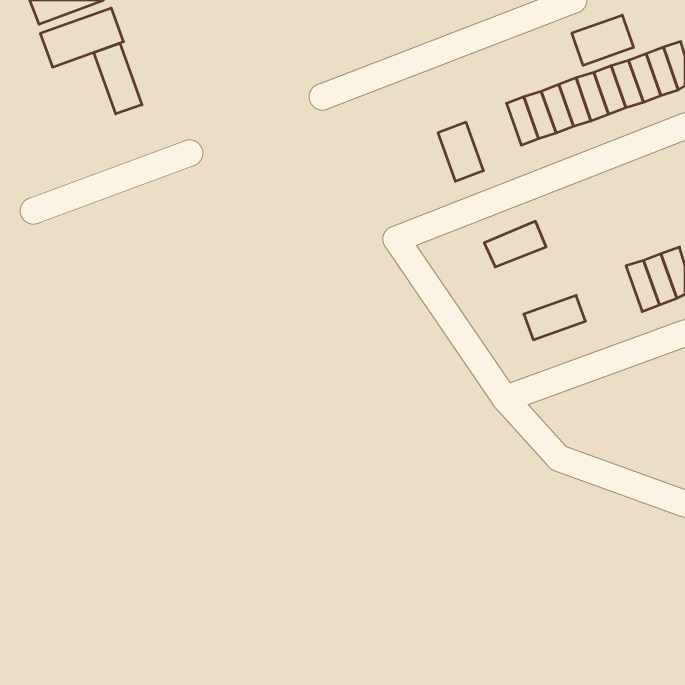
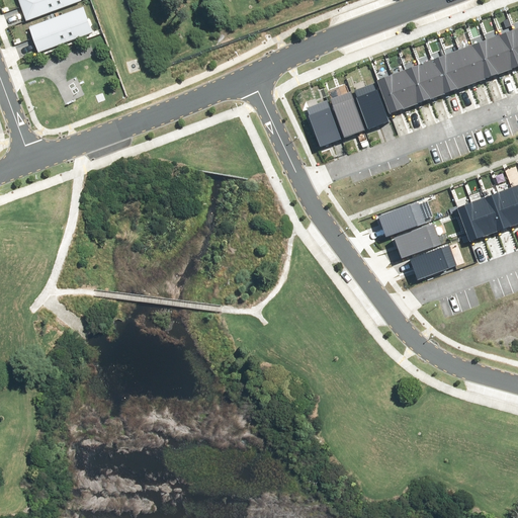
building: [572,15,633,65] -> none
building: [94,43,142,114] -> none
building: none -> [351,85,386,130]
building: none -> [309,101,343,146]
building: [484,221,546,267] -> [378,201,425,236]
building: none -> [457,201,484,241]
building: none -> [411,245,455,279]

